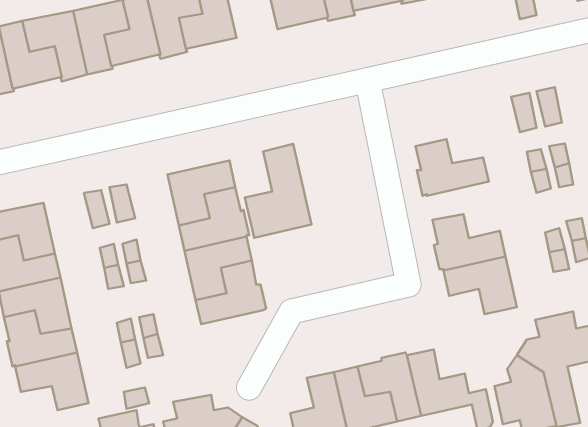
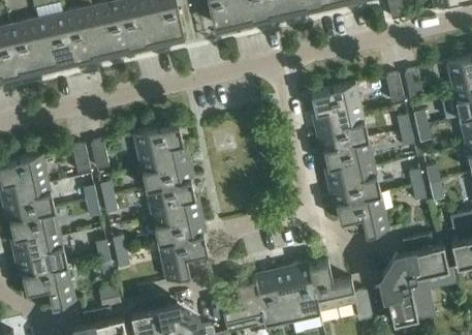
building: none -> [310,84,364,125]
building: [245,144,312,238] -> none
building: none -> [322,139,376,180]
building: none -> [157,233,207,280]

